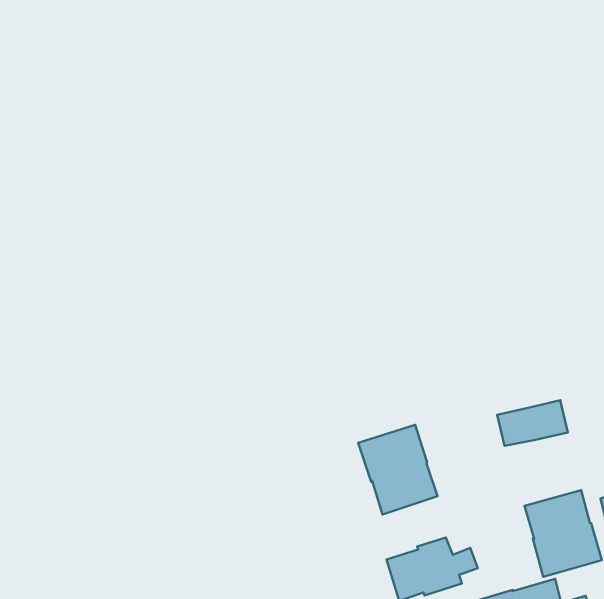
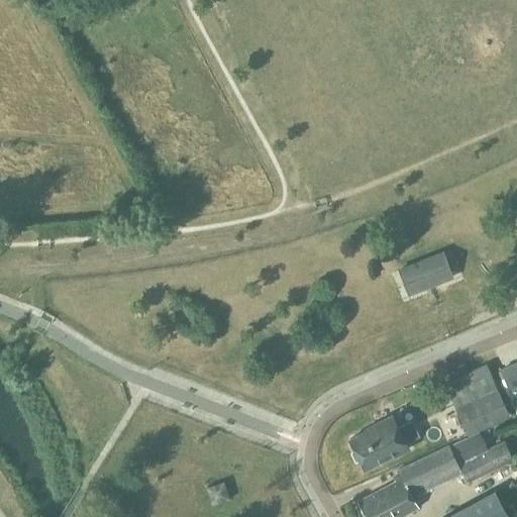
building: [497,400,568,446] -> [399,253,453,294]
building: [358,425,438,515] -> none

